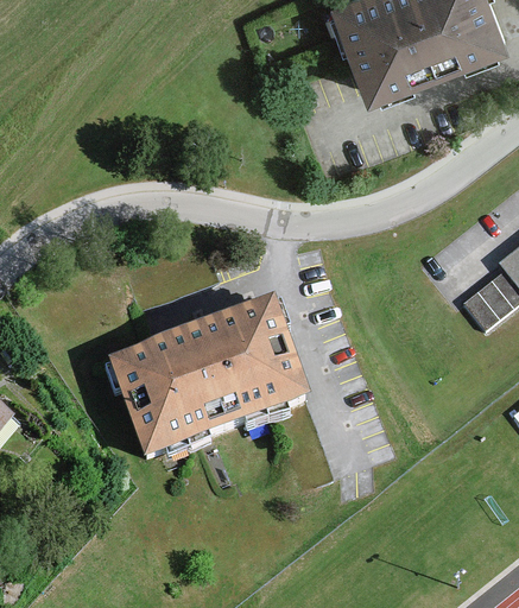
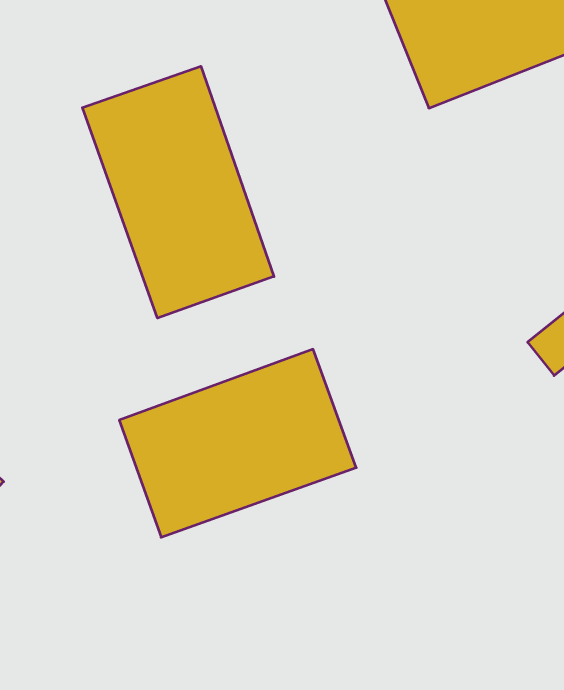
building: none -> [82,66,274,318]

